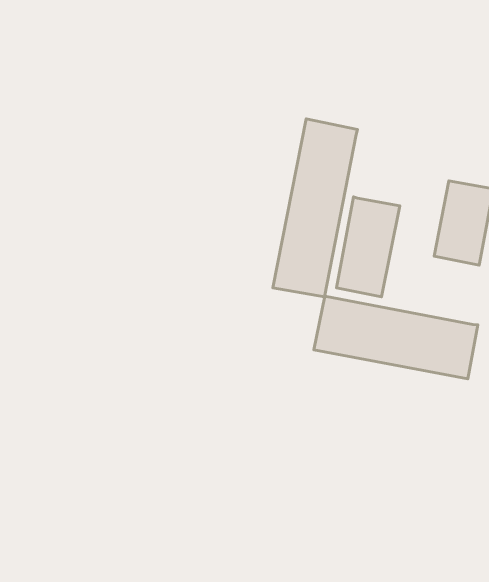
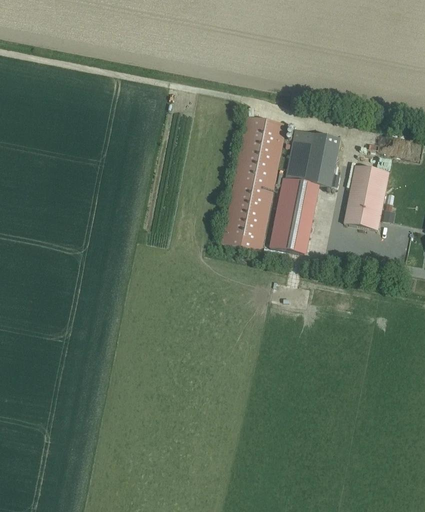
building: none -> [286,131,340,186]
building: [314,296,478,379] -> none

